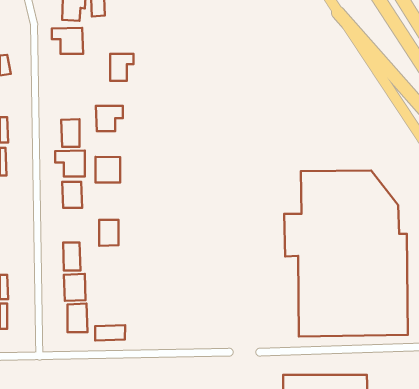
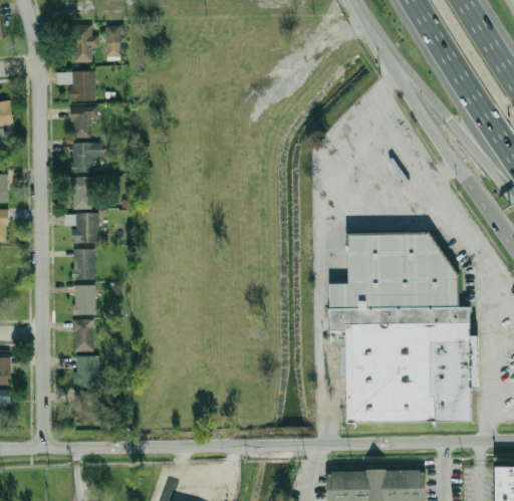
building: [110,54,134,81] -> [71,105,98,137]
building: [96,106,123,131] -> [72,143,103,172]
building: [95,157,120,183] -> none
building: [99,220,118,246] -> [73,284,95,314]
building: [95,325,125,340] -> none

